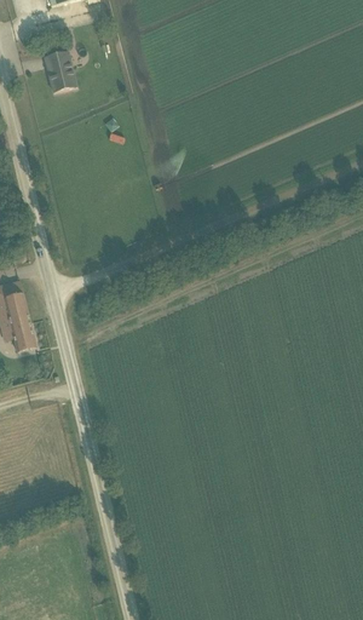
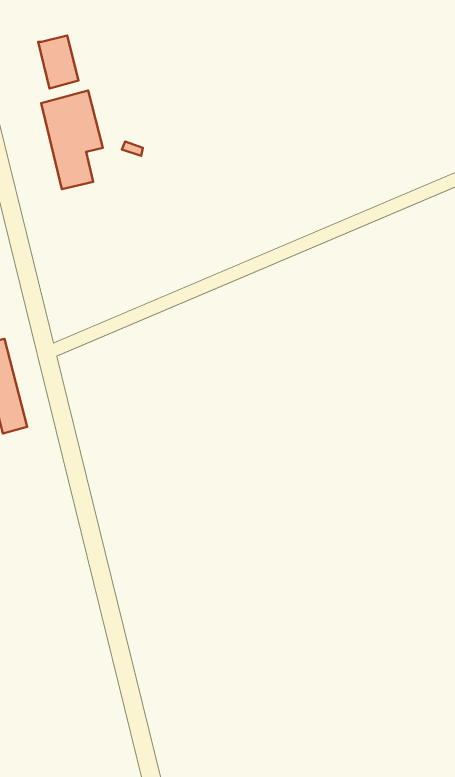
building: none -> [41,90,103,189]

